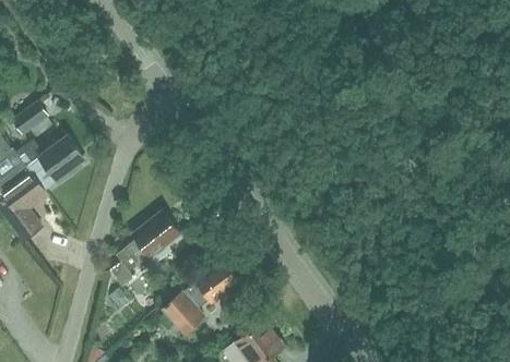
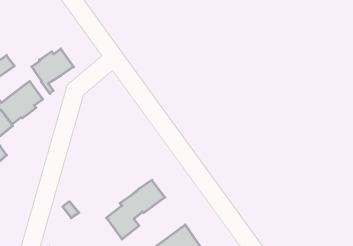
building: none -> [32,49,74,94]
building: [111,213,180,286] -> none

